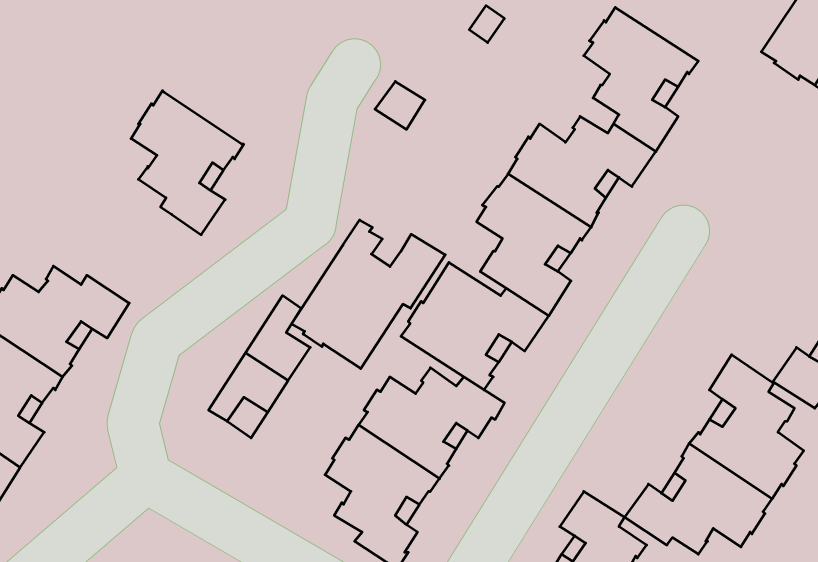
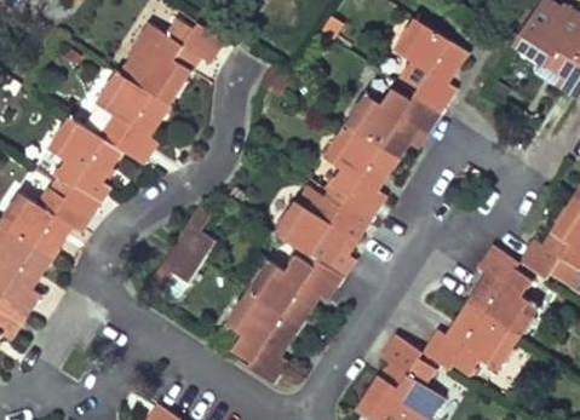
building: none -> [120,18,226,107]
building: none -> [50,117,125,211]
building: [292,220,445,369] -> none

